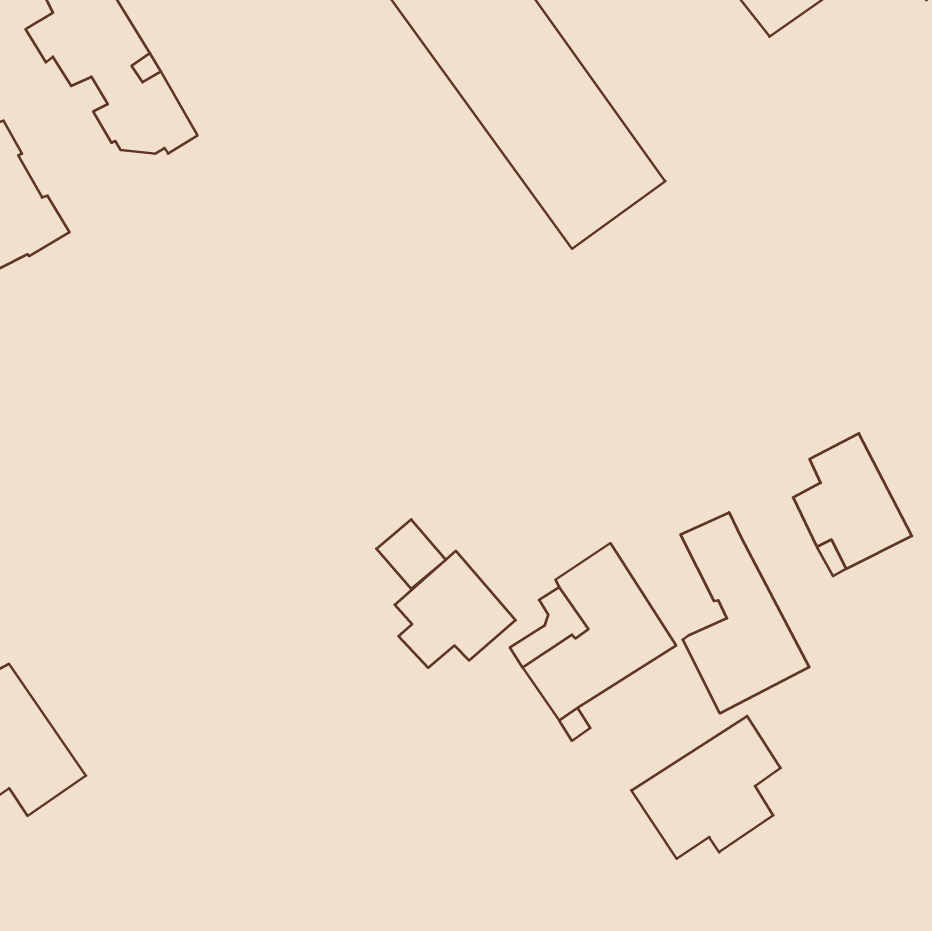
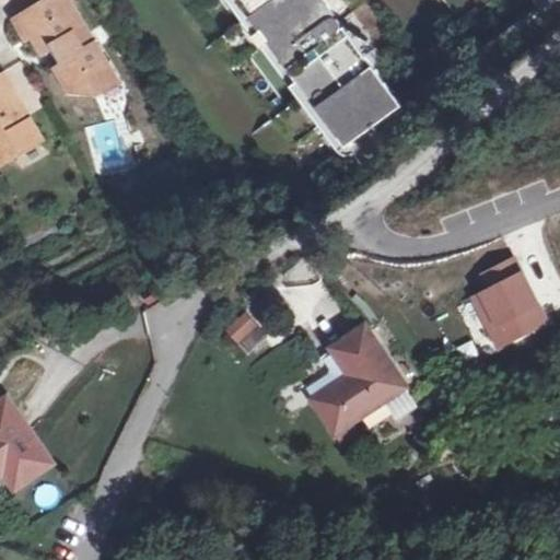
building: [681,512,809,713] -> none
building: [395,551,516,668] -> none
building: [631,716,781,859] -> none

